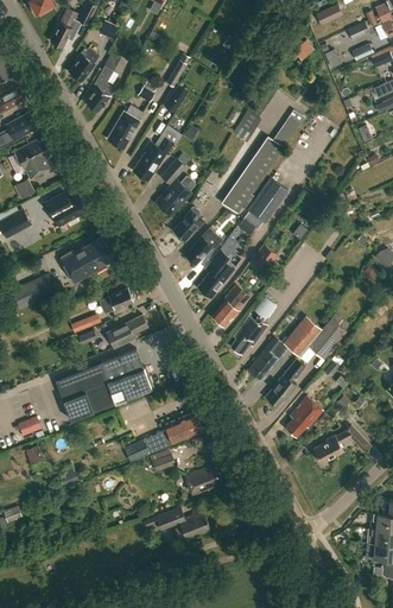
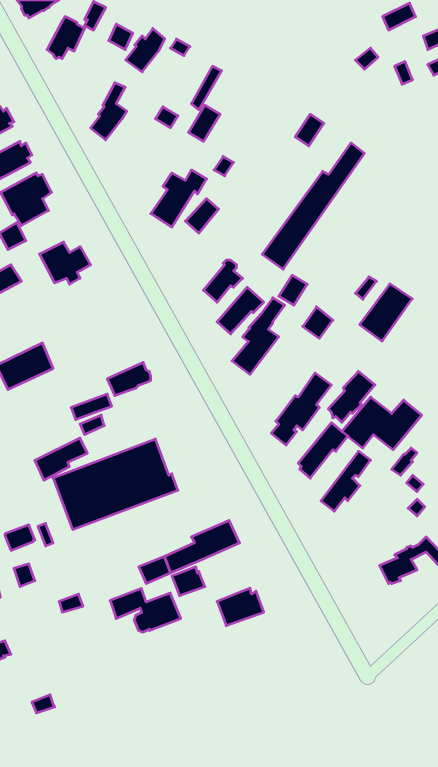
building: [69,46,100,81] -> [126,28,165,72]
building: [108,104,144,148] -> none
building: [157,176,195,215] -> none
building: [247,178,289,223] -> [360,284,412,341]
building: [59,238,113,283] -> none
building: [213,284,249,324] -> [328,371,375,422]
building: [107,315,148,348] -> [35,438,87,480]
building: [286,397,323,436] -> none
building: [156,507,211,542] -> [110,589,181,632]

